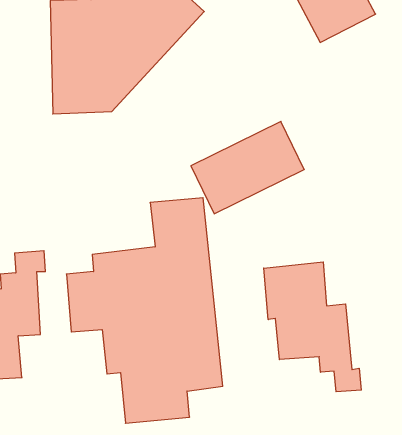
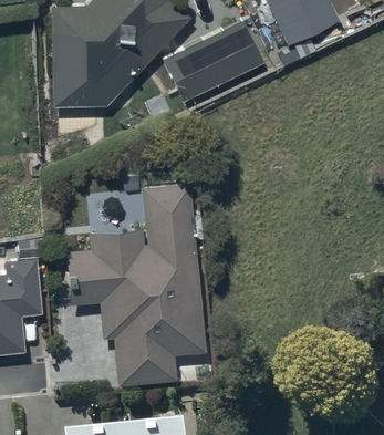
building: [191,121,304,214] -> [163,19,264,102]
building: [264,262,361,392] -> none

